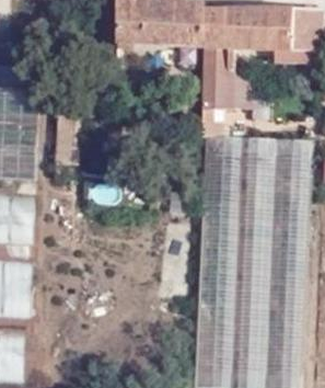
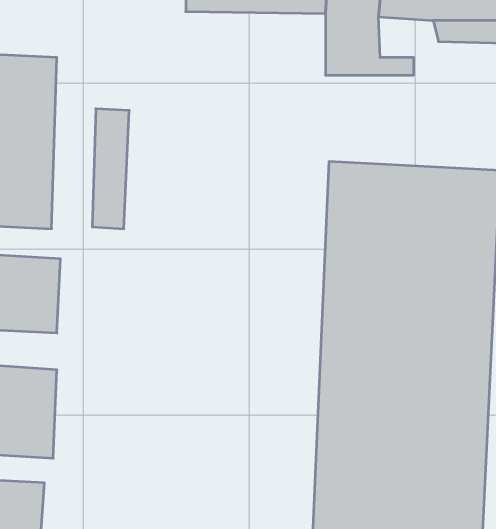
building: [204,82,258,110] -> none

